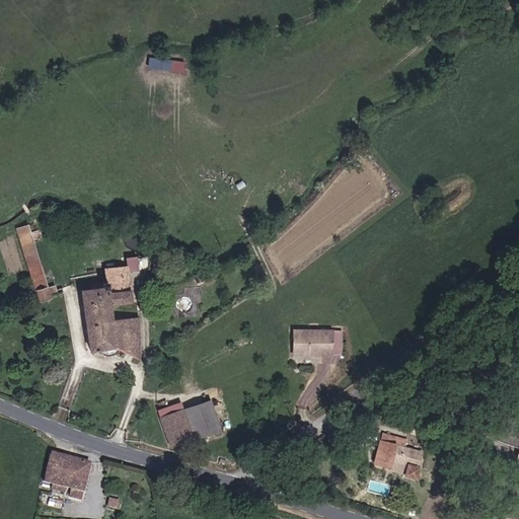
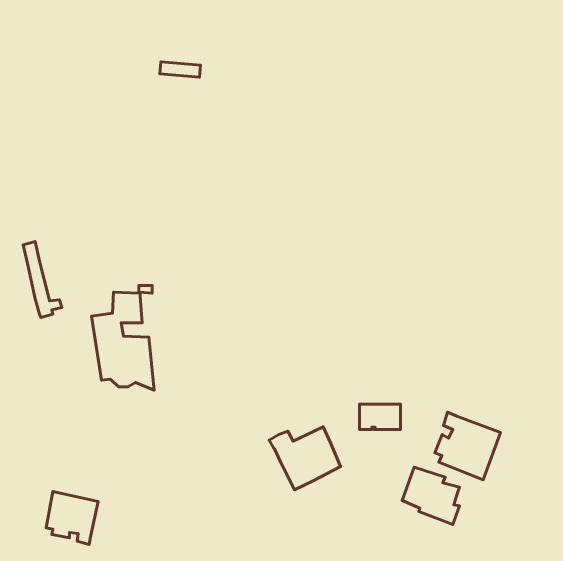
building: [293,327,330,351] -> [360,404,400,429]
building: none -> [435,412,501,480]
building: [155,392,221,450] -> [269,427,341,490]

